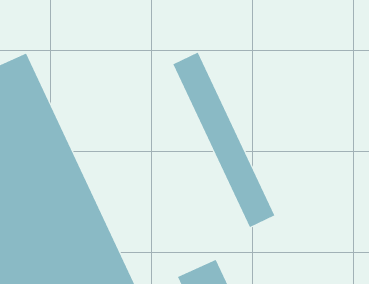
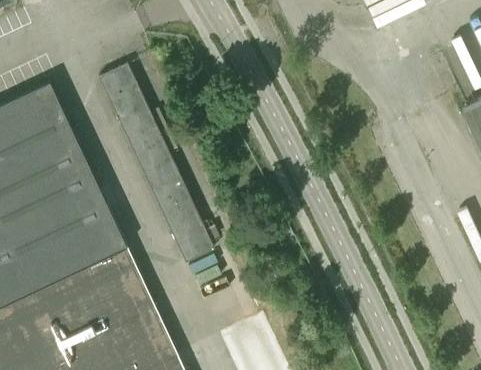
building: [172,52,275,228] -> [98,64,214,263]

